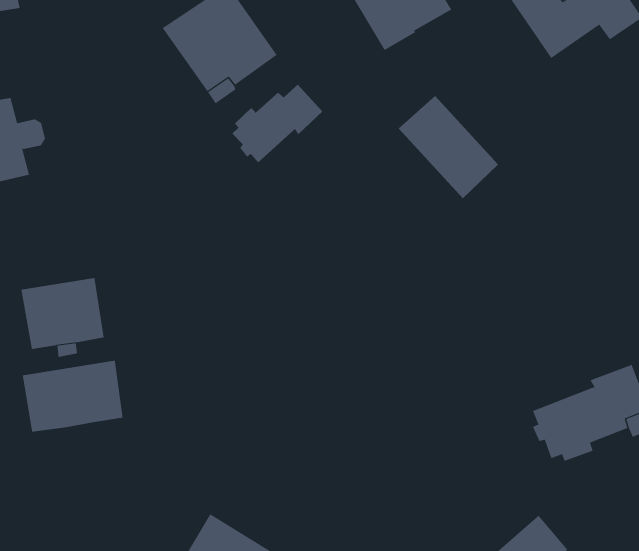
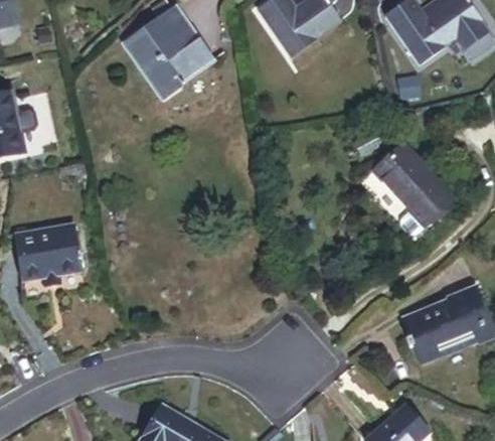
building: [231,84,323,163] -> none
building: [398,95,499,199] -> [379,148,456,227]
building: [22,360,123,433] -> none

